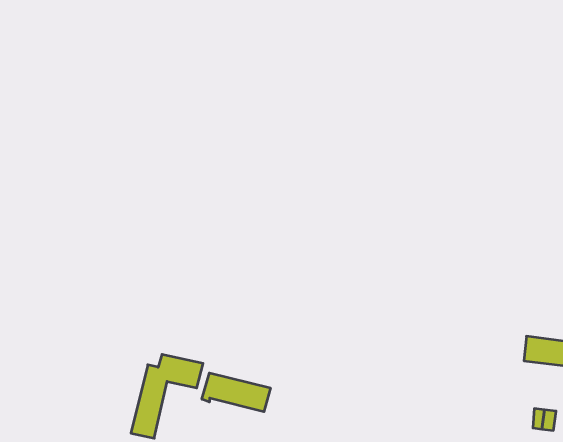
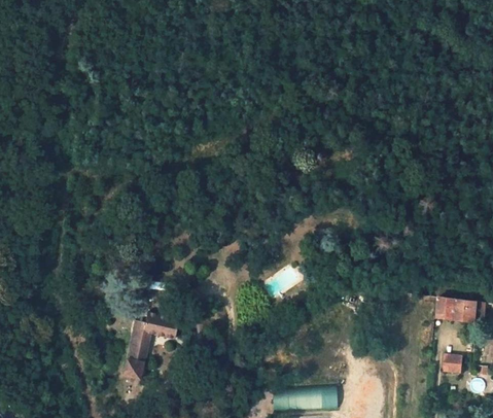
building: [202,373,270,412] -> none

